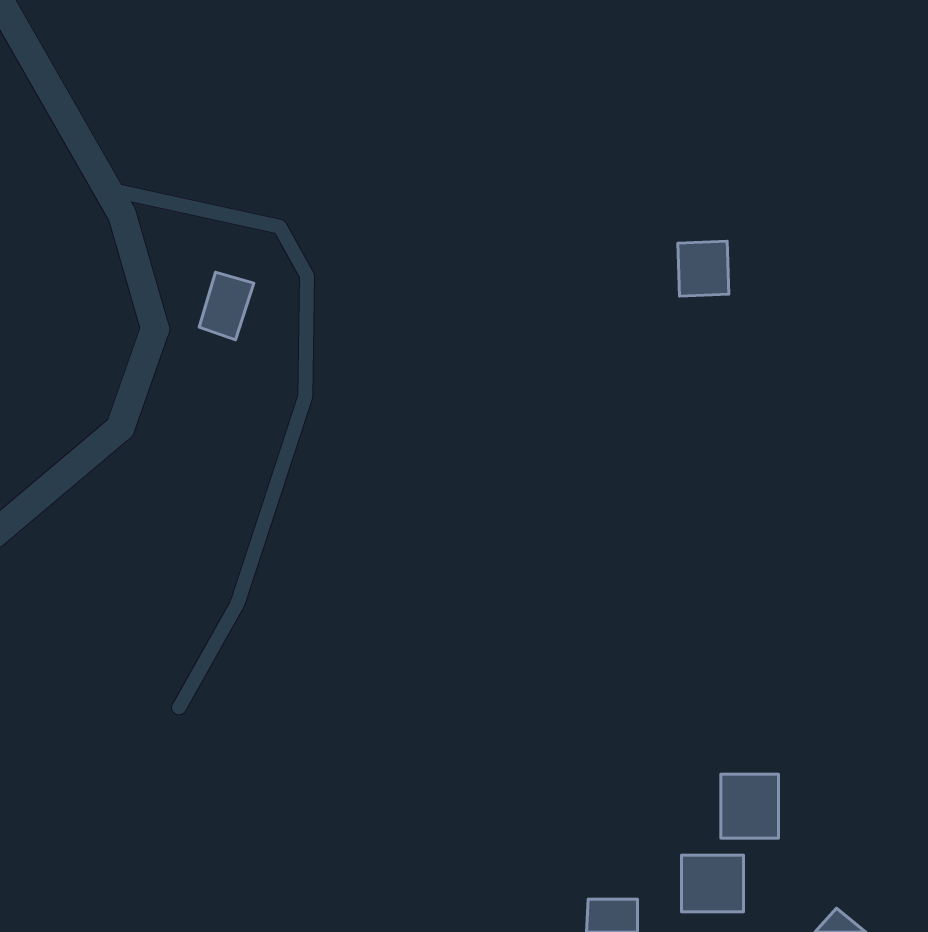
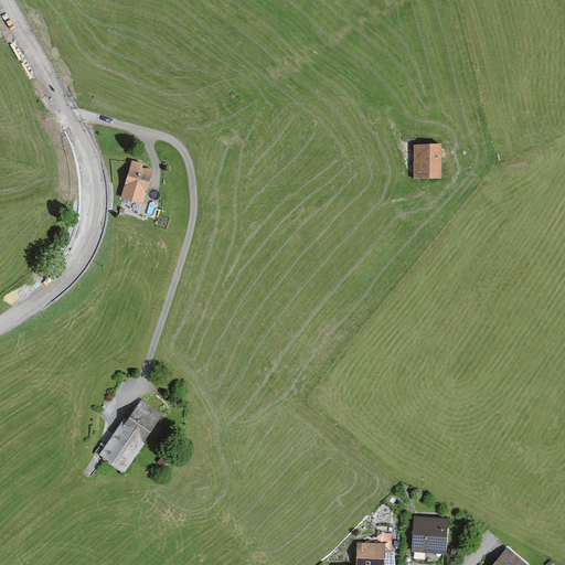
building: none -> [98,399,162,473]
building: [721,774,778,838] -> none

